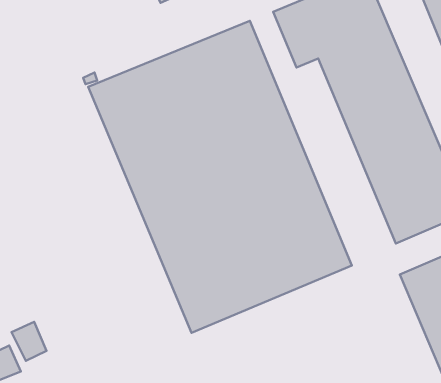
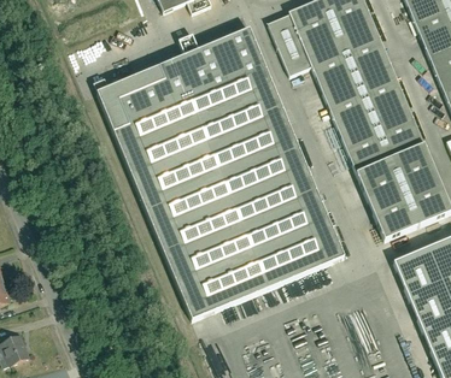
building: [12,322,47,361] -> none

